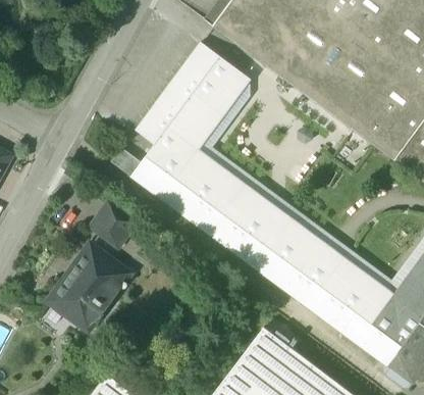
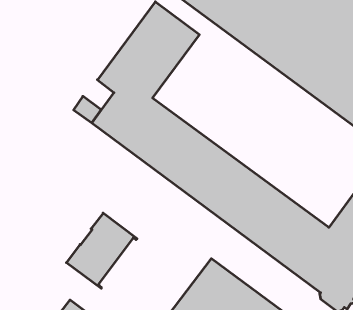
building: [93,204,137,247] -> none
building: [51,246,129,330] -> [66,213,137,288]

